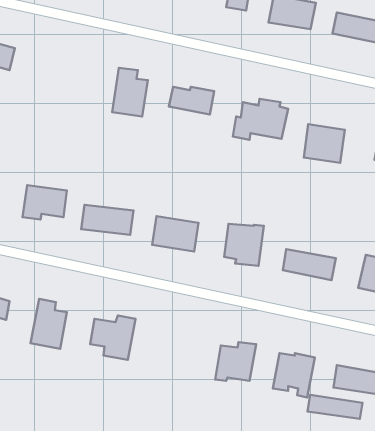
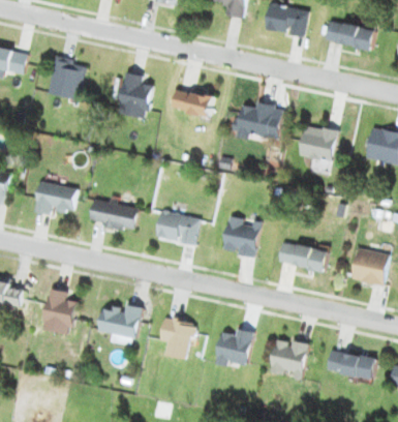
building: none -> [50,56,85,102]
building: none -> [159,318,193,360]
building: [307,395,362,419] -> none

